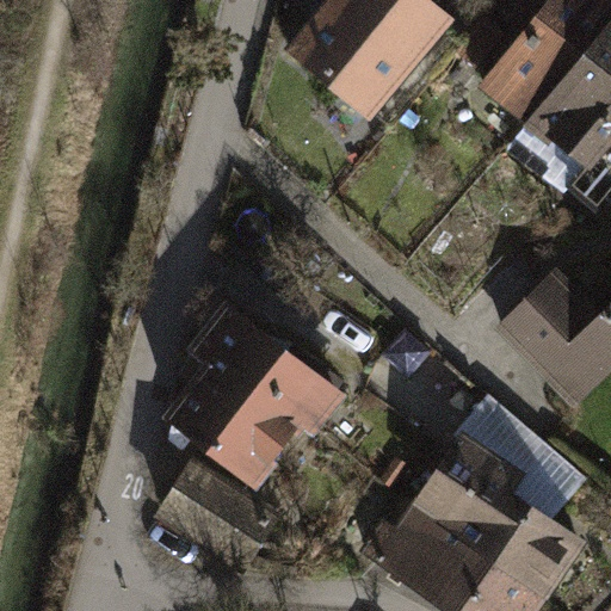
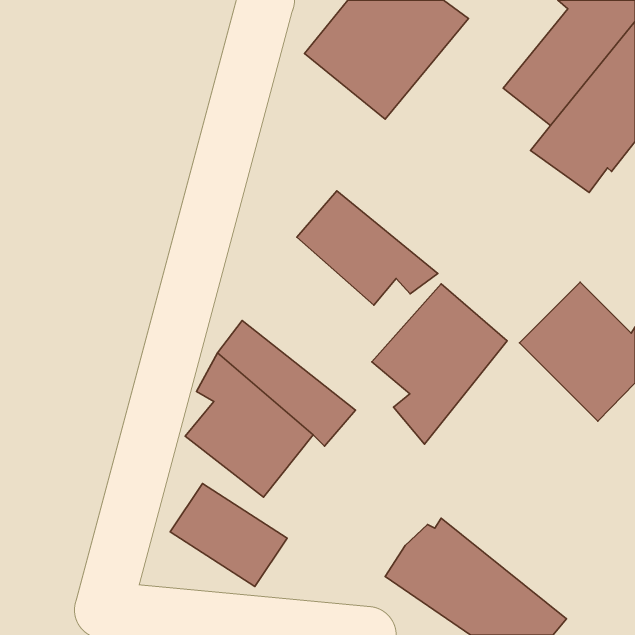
building: none -> [297,191,438,305]
building: none -> [372,284,507,444]
building: [424,395,587,594] -> none

